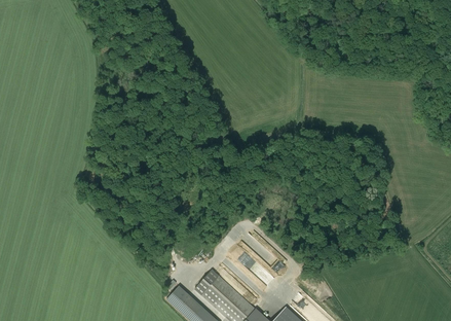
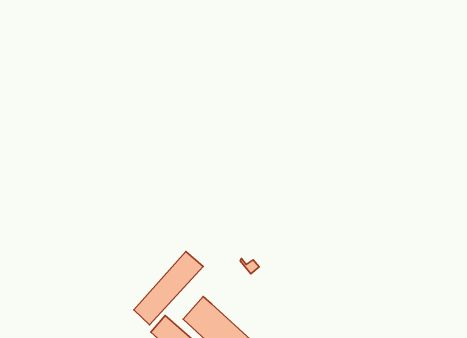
building: none -> [134,252,203,325]

